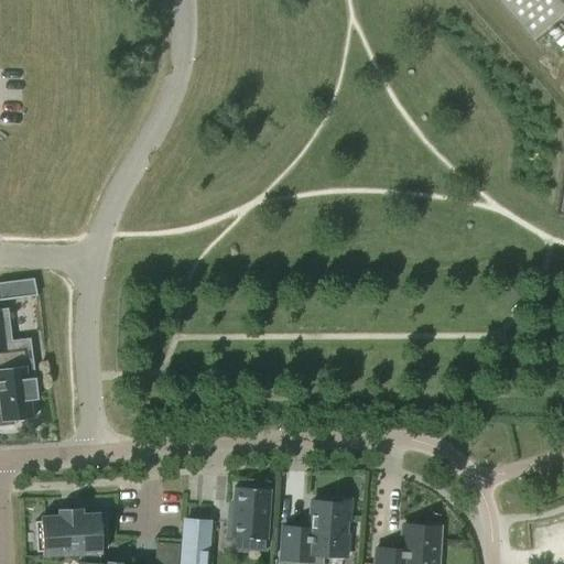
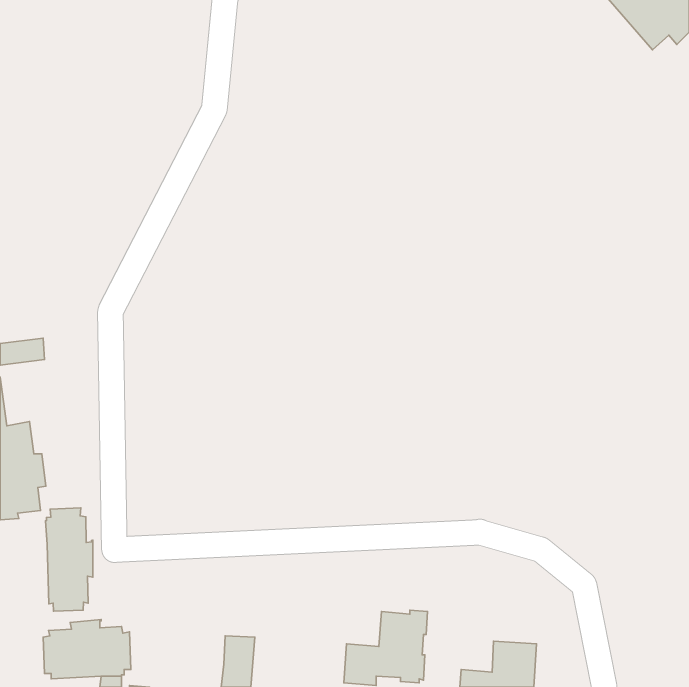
building: none -> [46,508,93,611]
building: [227,487,270,539] -> none

